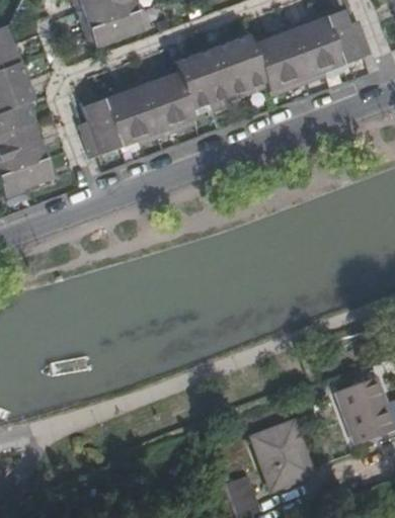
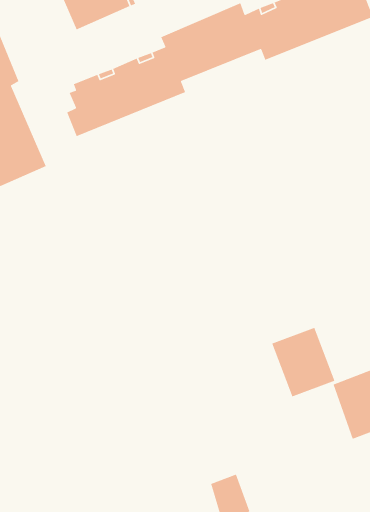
building: [248,419,308,485] -> [271,327,335,398]

